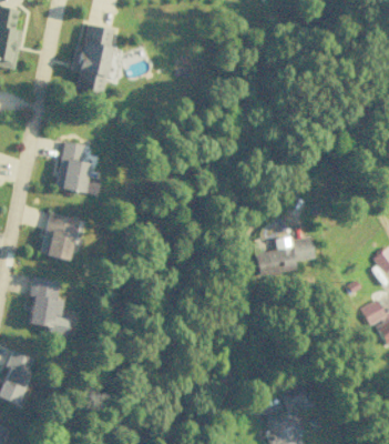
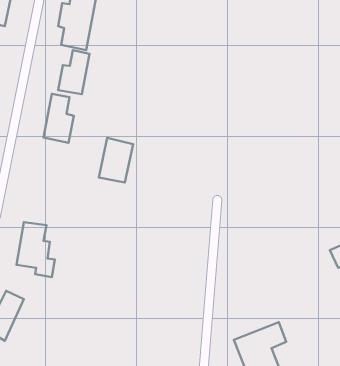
building: none -> [58,50,89,94]
building: [41,212,78,260] -> [99,138,133,183]
building: [252,236,315,278] -> none

